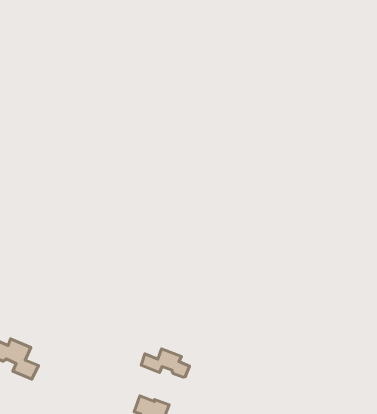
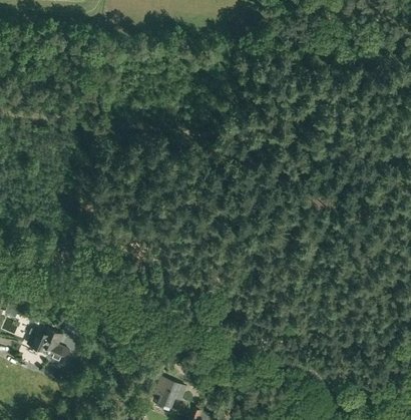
building: [141,349,190,377] -> none

